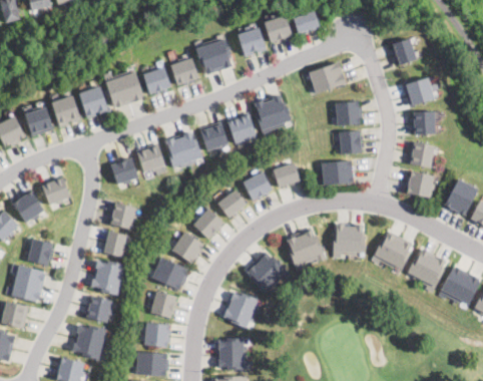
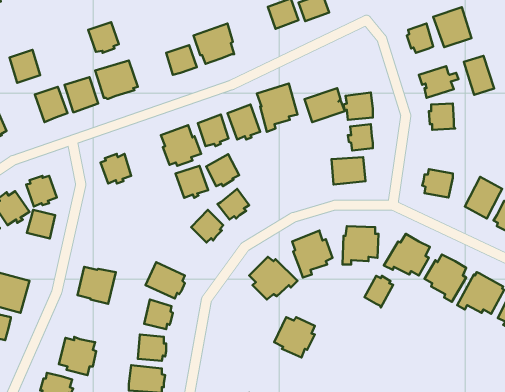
building: none -> [433,7,471,47]
building: [238,28,266,57] -> none
building: [310,62,347,93] -> [304,88,345,122]
building: [143,67,171,95] -> [88,22,119,53]
building: none -> [464,56,494,95]
building: [26,107,54,137] -> [9,50,40,83]
building: [409,141,435,167] -> none
building: [136,143,166,172] -> [175,166,208,198]
building: [273,162,301,187] -> none
building: [244,171,274,201] -> [206,154,239,186]
building: [111,203,136,230] -> none
building: [101,232,127,258] -> none
building: [172,232,204,264] -> none
building: [27,240,53,266] -> [27,210,55,238]
building: none -> [365,276,393,307]
building: [221,292,259,329] -> [274,317,315,358]
building: [86,296,113,323] -> none
building: [215,339,248,370] -> none

